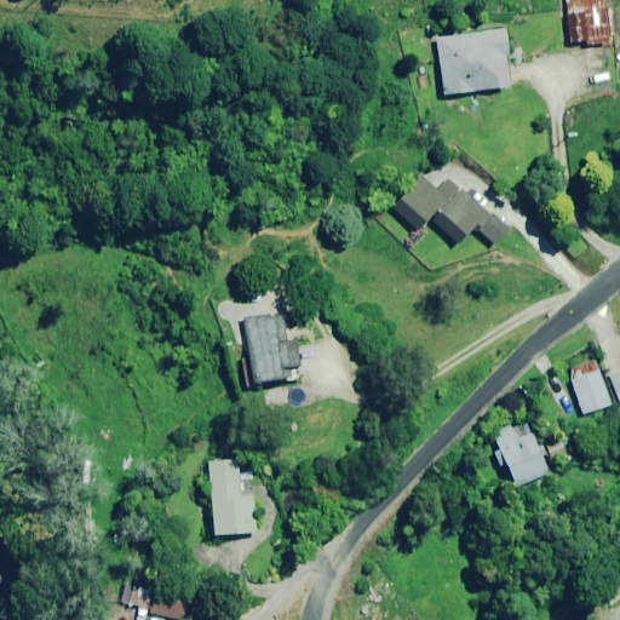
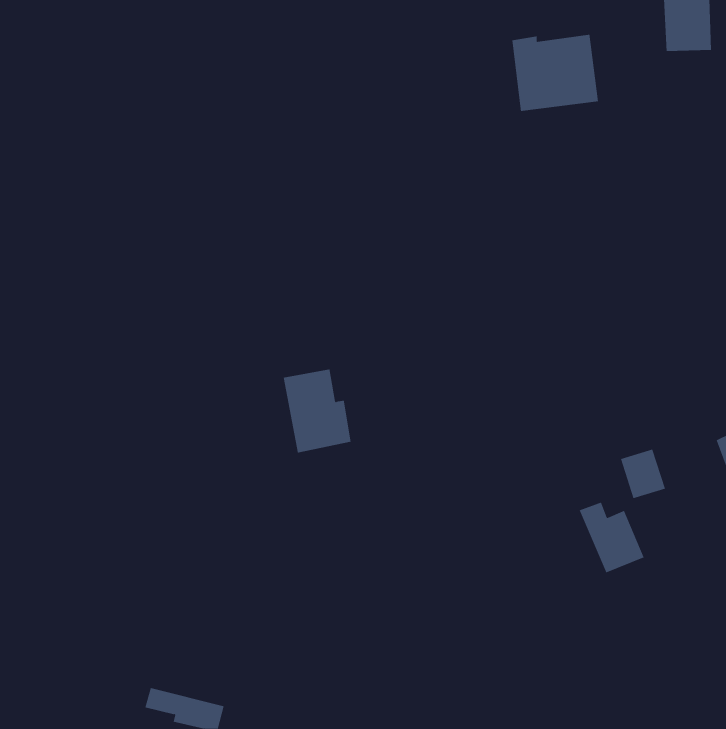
building: [392,176,506,245] -> none
building: [573,371,612,413] -> [620,449,666,499]
building: [208,460,257,534] -> none

